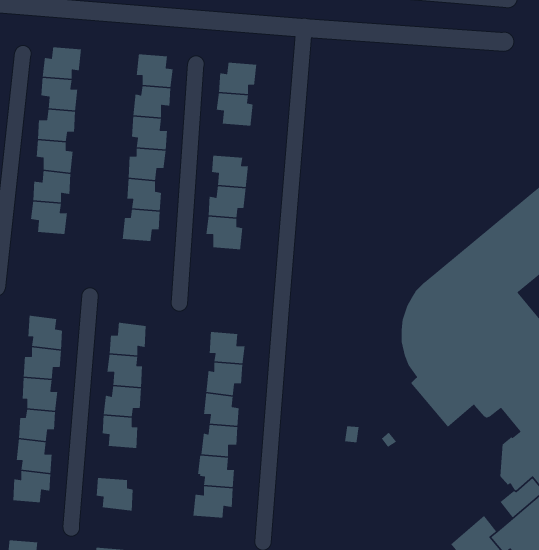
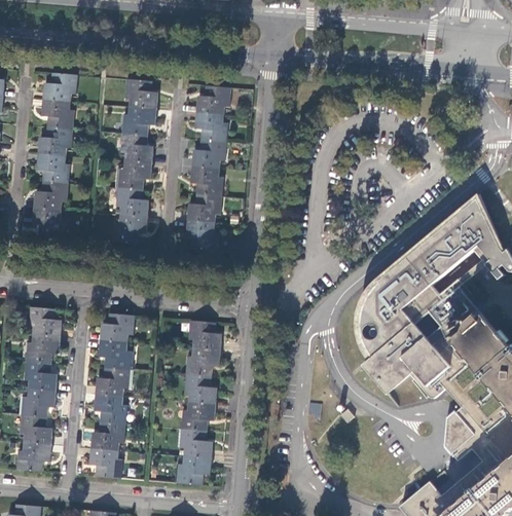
building: none -> [192,140,226,169]
building: none -> [92,421,126,450]

